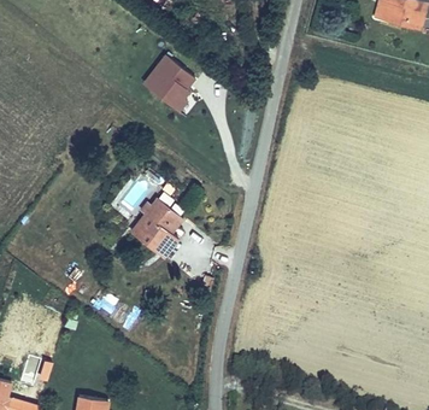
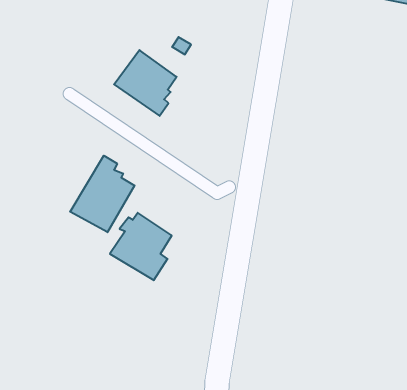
building: none -> [70,156,135,232]

